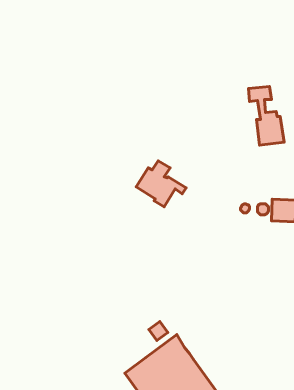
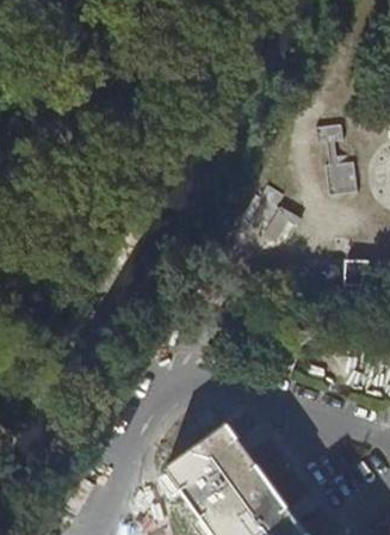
building: [136,161,186,207] -> [240,187,299,242]

